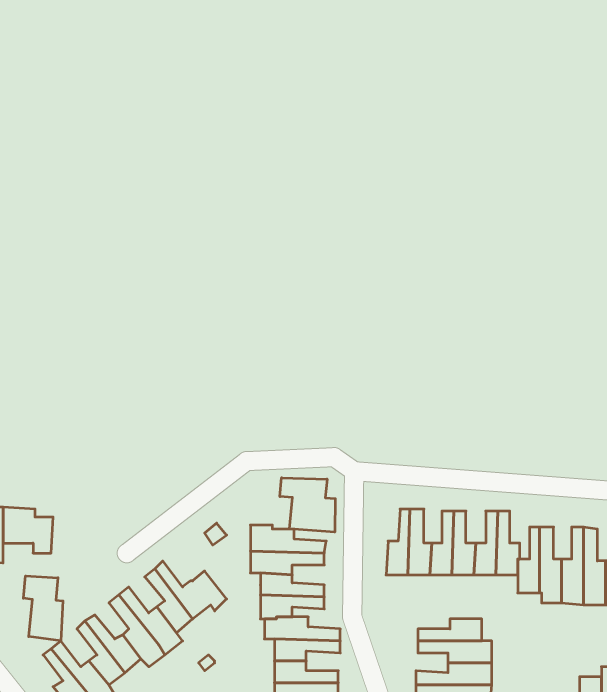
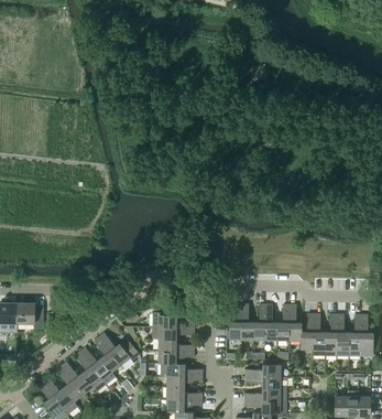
building: [280,478,335,532] -> none
building: [23,576,63,641] -> none

